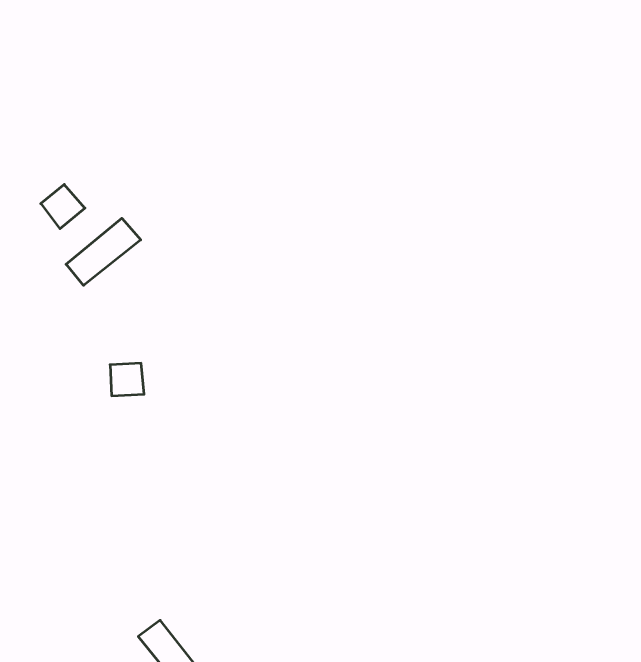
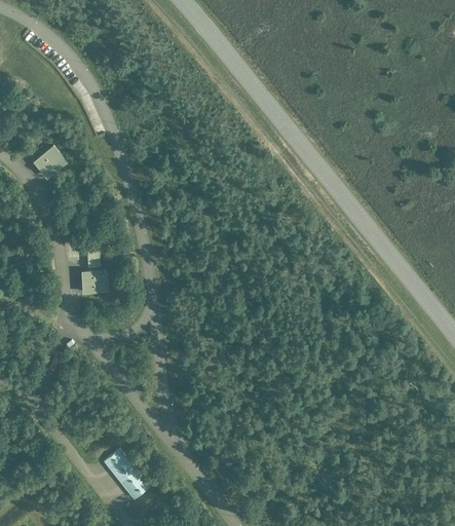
building: [66,218,141,285] -> none

